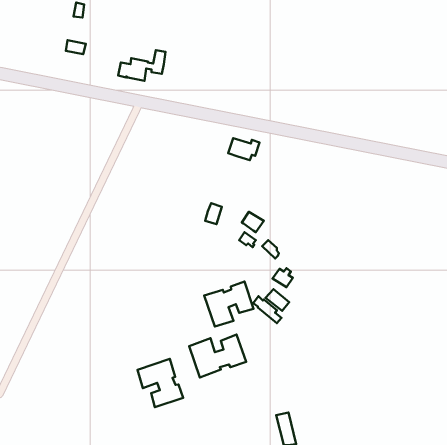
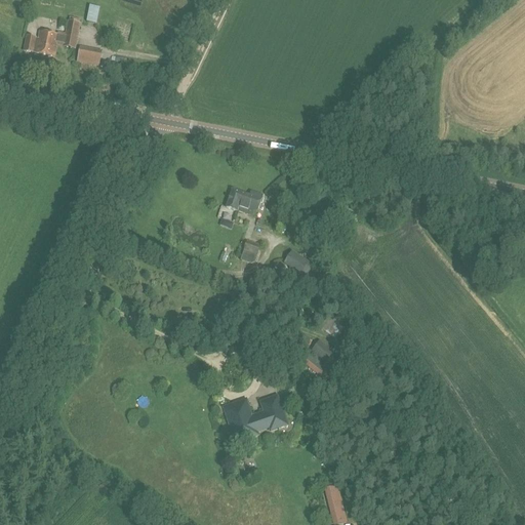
building: [118,50,165,81] -> [24,18,79,54]
building: [228,138,260,160] -> [226,188,262,213]
building: [204,282,253,326] -> none
building: [137,359,183,407] -> none

